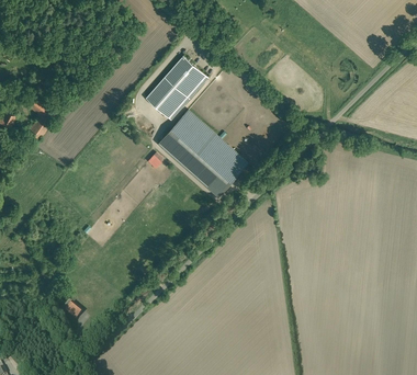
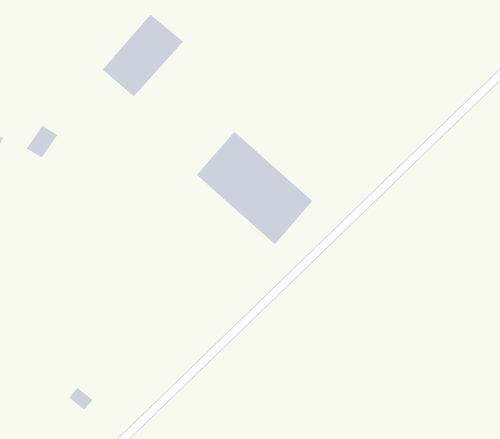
building: [146,56,207,118] -> [102,14,184,97]

